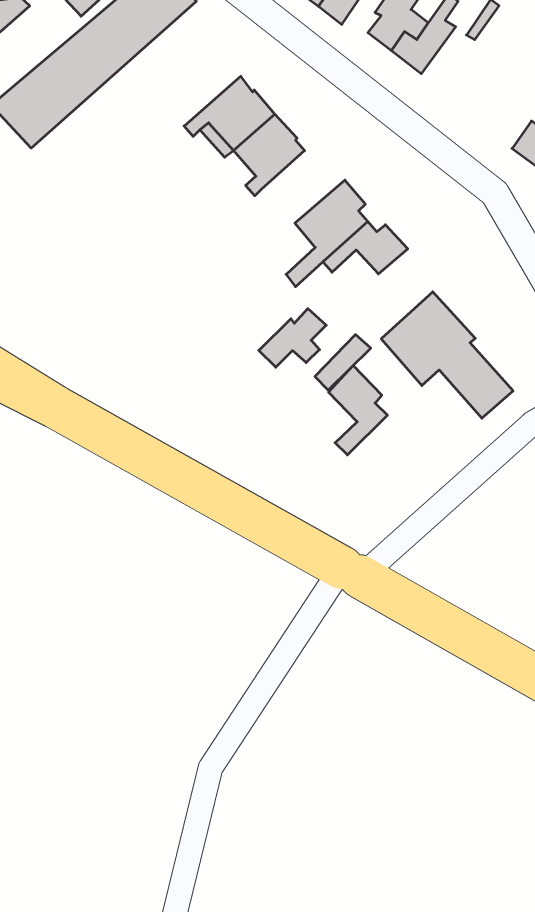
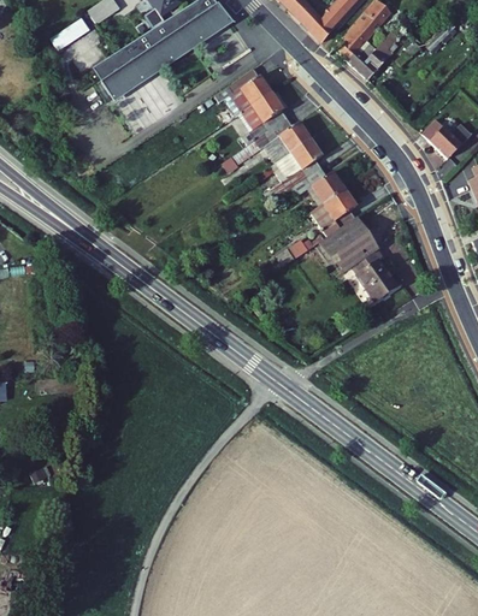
building: none -> [258,120,311,166]
building: none -> [314,190,355,235]
building: [259,309,326,367] -> none
building: [329,366,387,455] -> none

